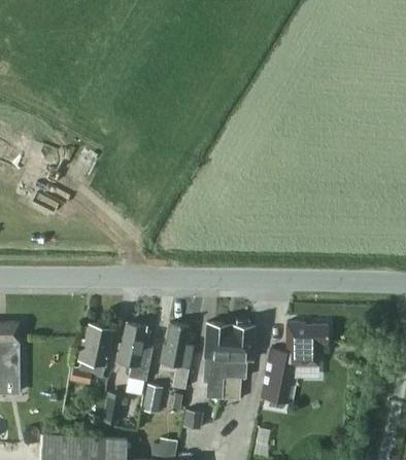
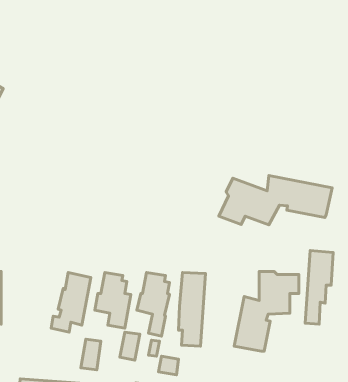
building: none -> [219,175,332,225]
building: [226,325,255,401] -> [305,250,333,324]

